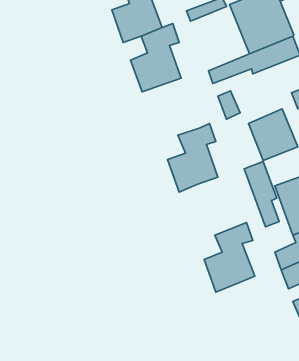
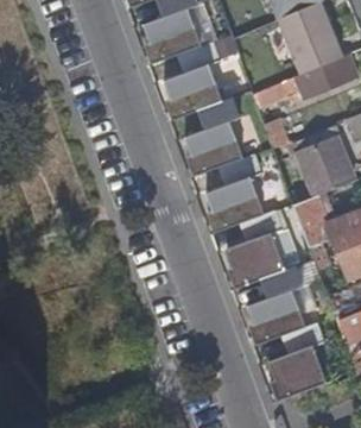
building: none -> [184,96,242,174]
building: none -> [227,208,283,285]
building: none -> [268,320,324,396]

